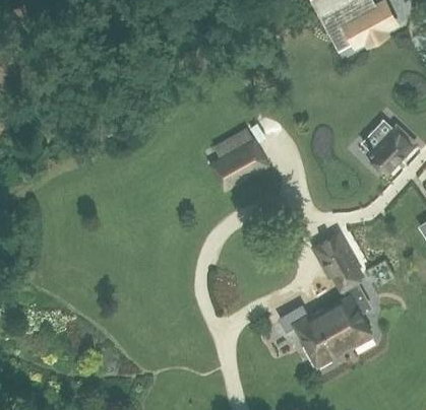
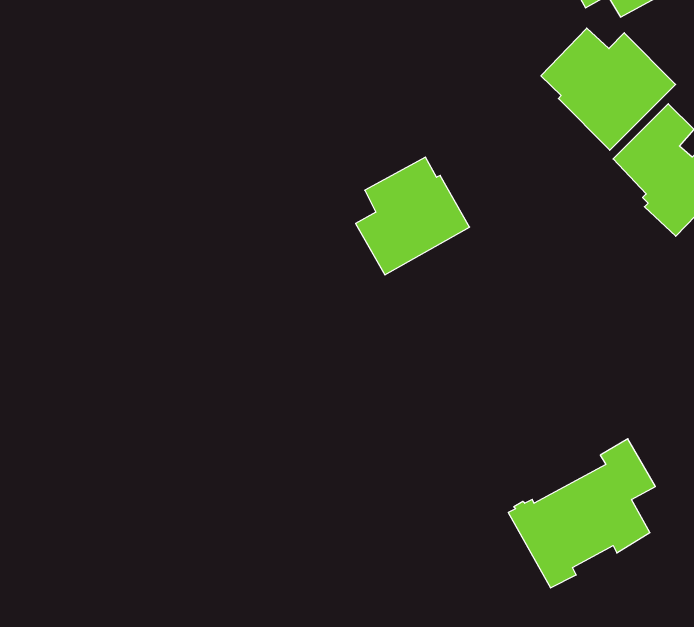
building: none -> [541,28,676,150]
building: [312,232,367,295] -> none

